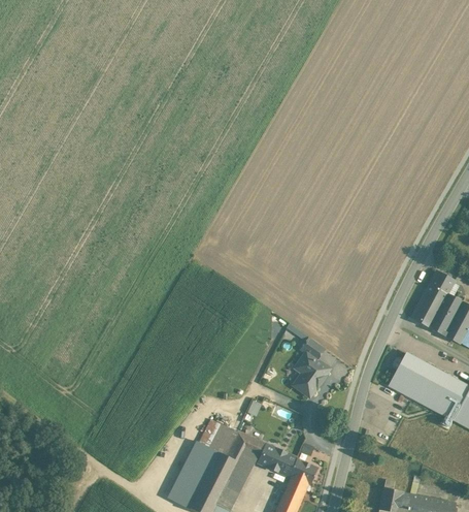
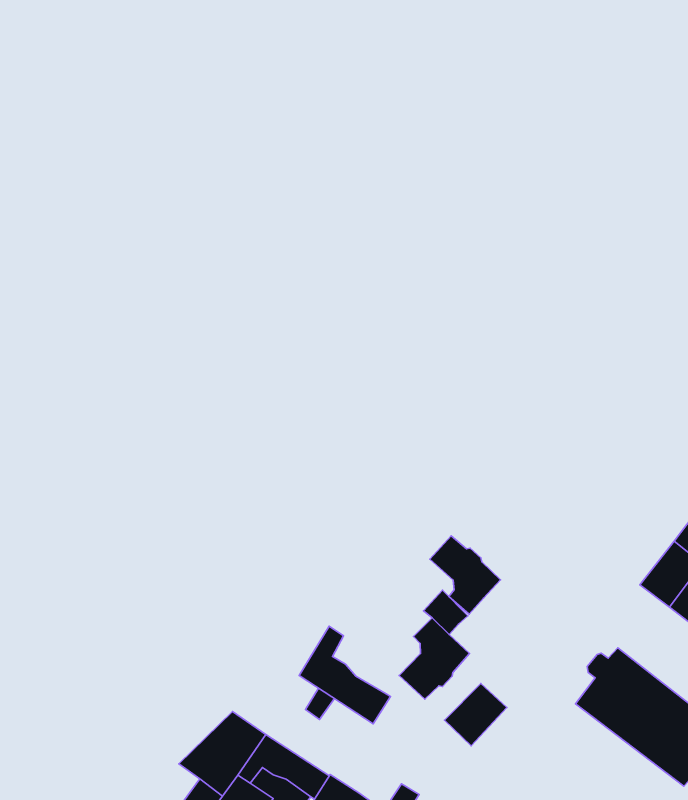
building: none -> [430,536,501,614]
building: none -> [299,626,391,724]
building: none -> [445,684,507,746]

